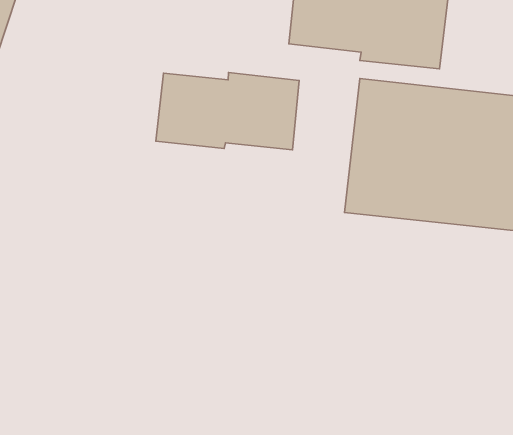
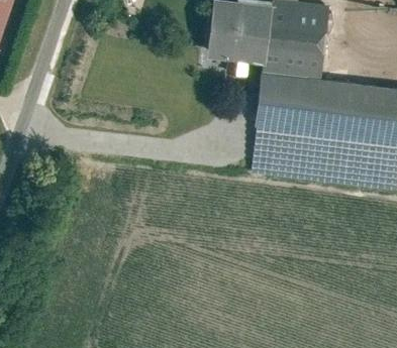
building: [156,73,299,150] -> none

